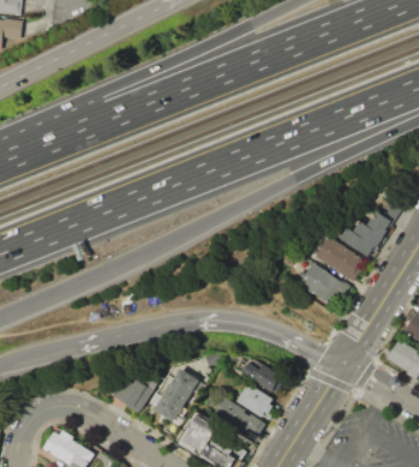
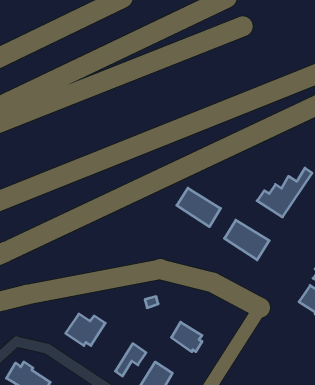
building: [312,235,364,281] -> [177,188,221,227]
building: [240,361,282,394] -> none
building: [152,367,198,421] -> none
building: [214,396,264,438] -> none

